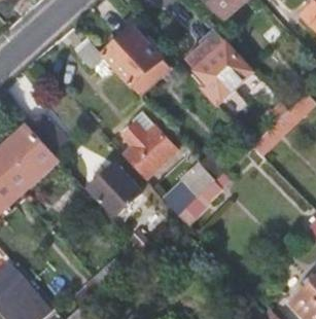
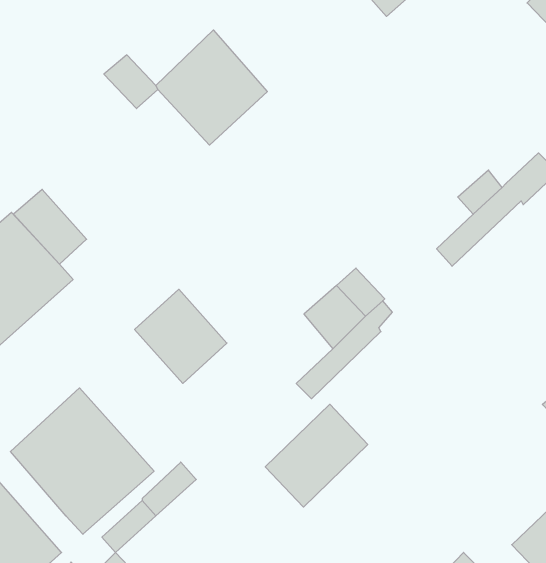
building: [195,40,254,106] -> none
building: [122,127,176,179] -> none
building: none -> [10,388,154,534]
building: none -> [265,404,368,507]

